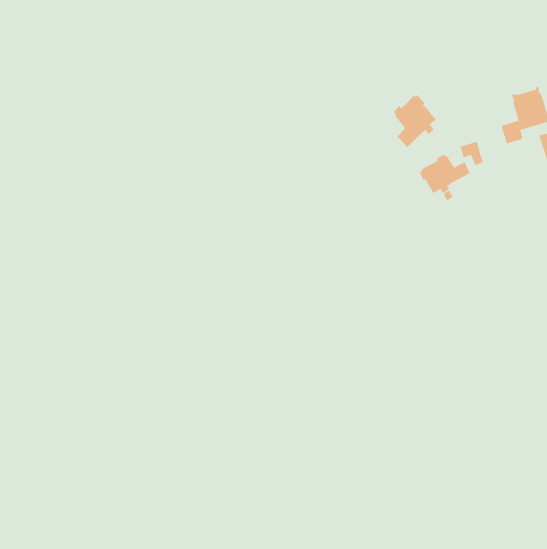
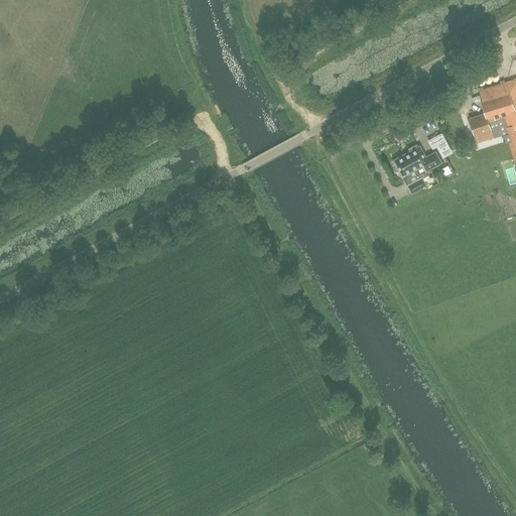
building: [393,94,436,148] -> none

